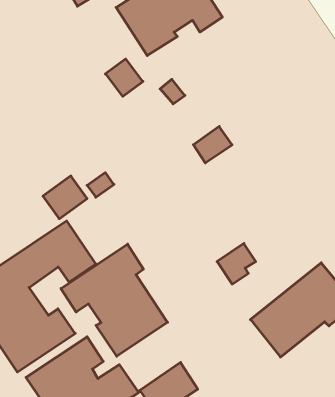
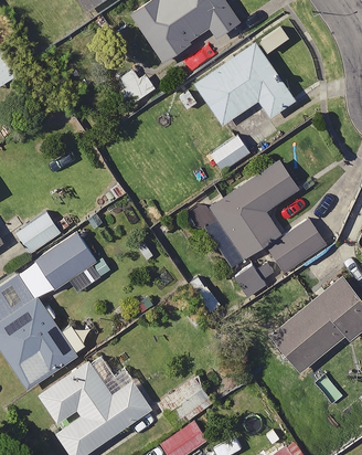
building: none -> [194,41,296,126]
building: none -> [209,157,328,275]
building: [43,176,87,219] -> [18,212,63,256]
building: [61,244,168,356] -> none

